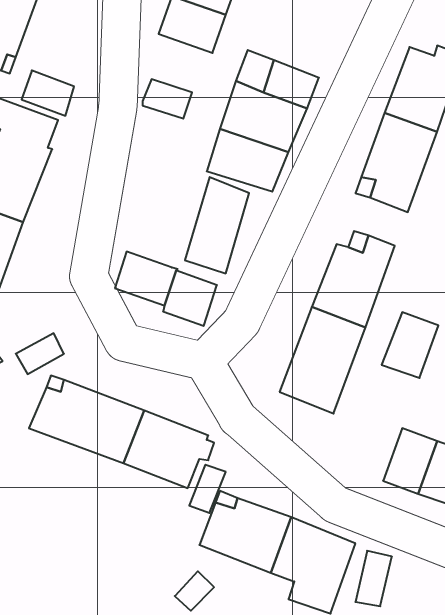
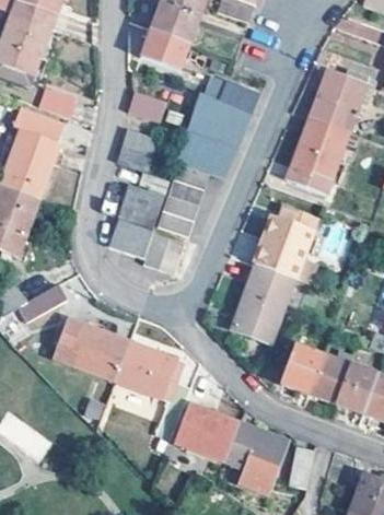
building: none -> [116,129,154,169]
building: none -> [116,180,164,233]
building: [382,312,438,378] -> [280,343,323,393]

